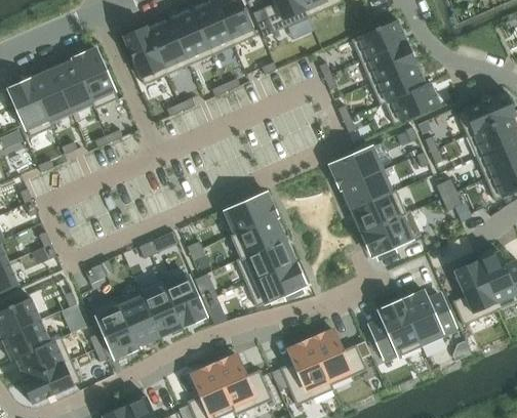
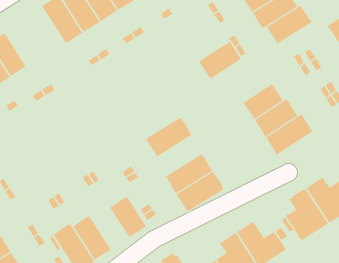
building: [74,47,118,108] -> none
building: [330,145,382,187] -> [199,41,242,79]
building: [231,215,285,259] -> none
building: [138,277,183,335] -> none

